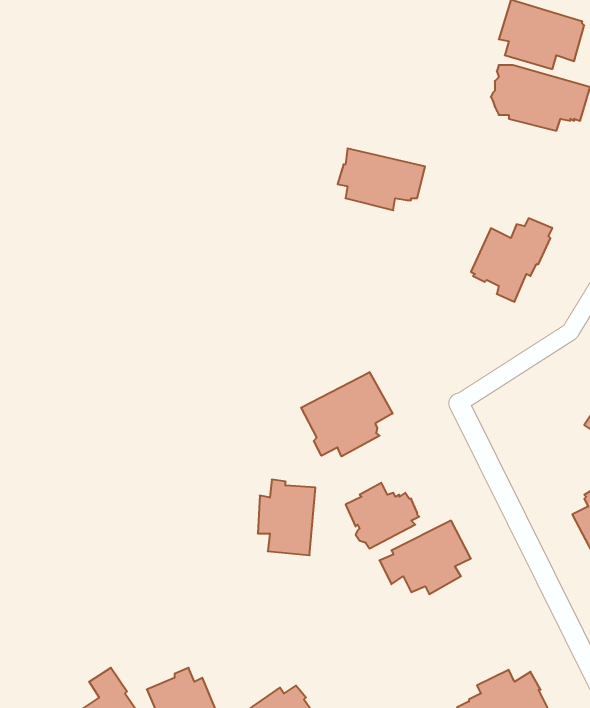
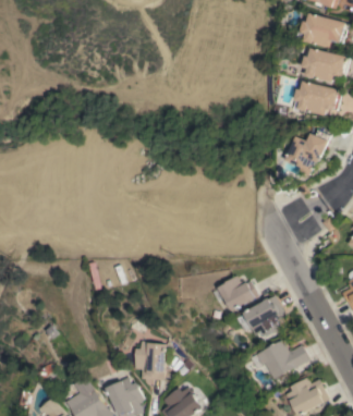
building: [338,149,425,210] -> [294,82,342,115]
building: [301,372,393,456] -> none
building: [258,480,315,555] -> [137,340,169,381]
building: none -> [248,340,308,380]

